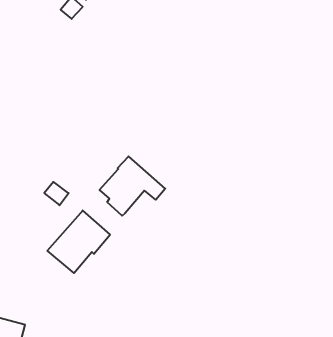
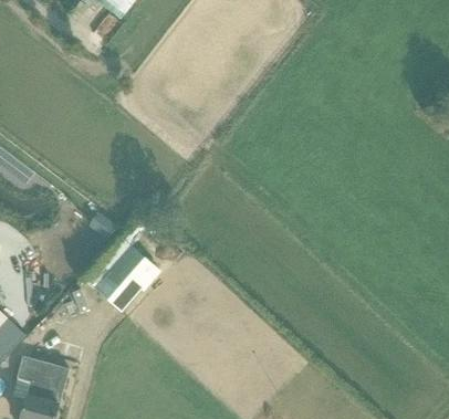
building: [100,156,165,216] -> none

